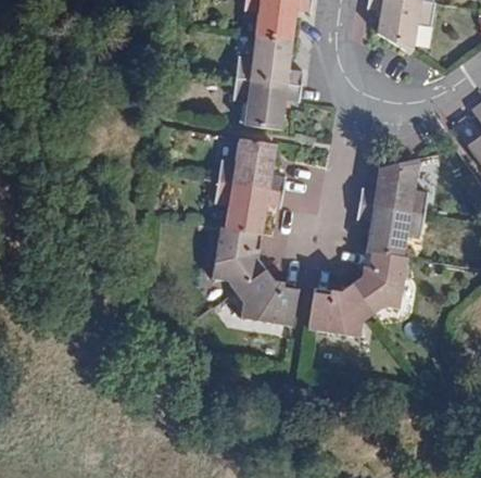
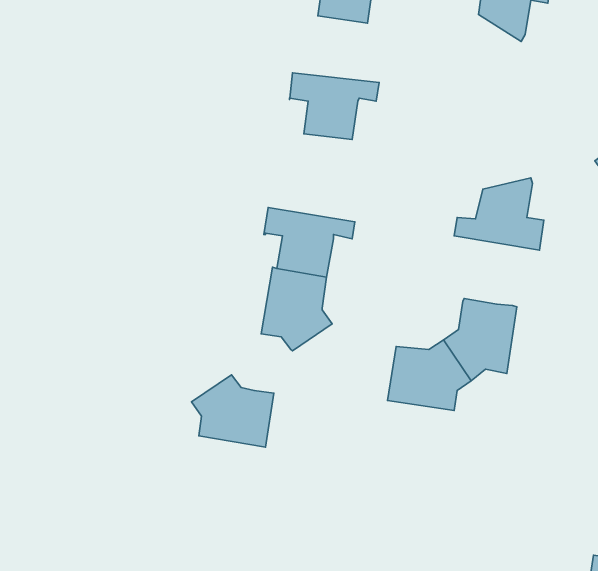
building: [236,34,304,85] -> none
building: [217,137,286,191] -> none
building: [357,202,425,255] -> none
building: [236,269,299,325] -> [192,375,274,447]

